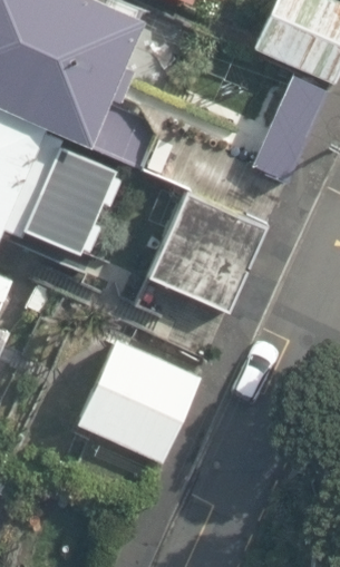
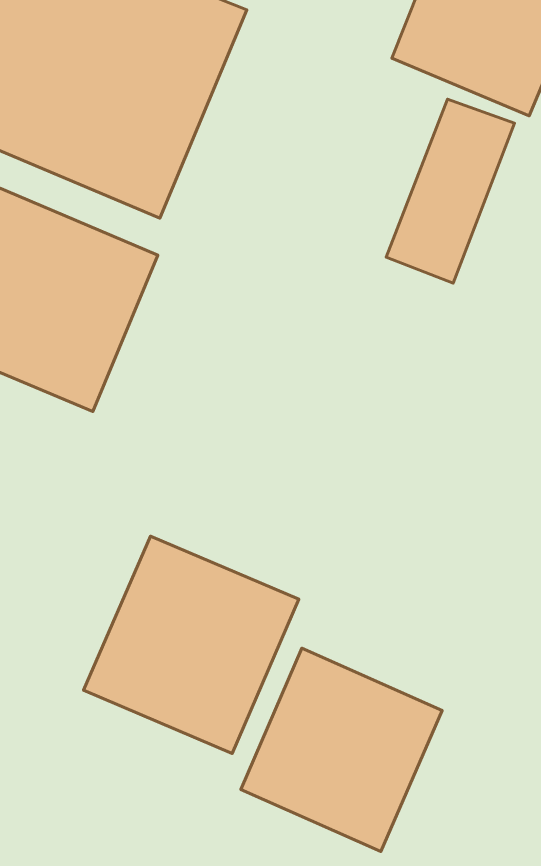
building: [142,194,266,315] -> none
building: none -> [241,648,442,851]

